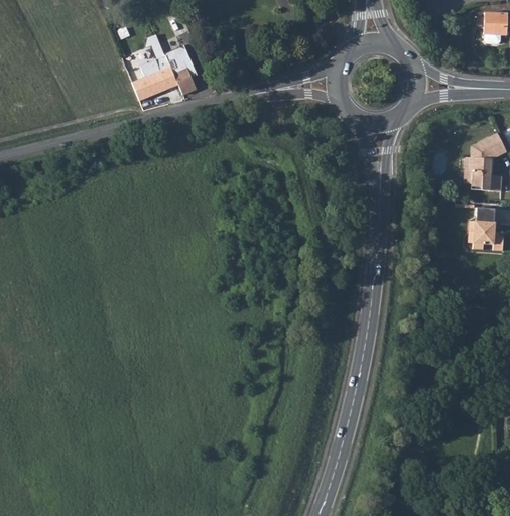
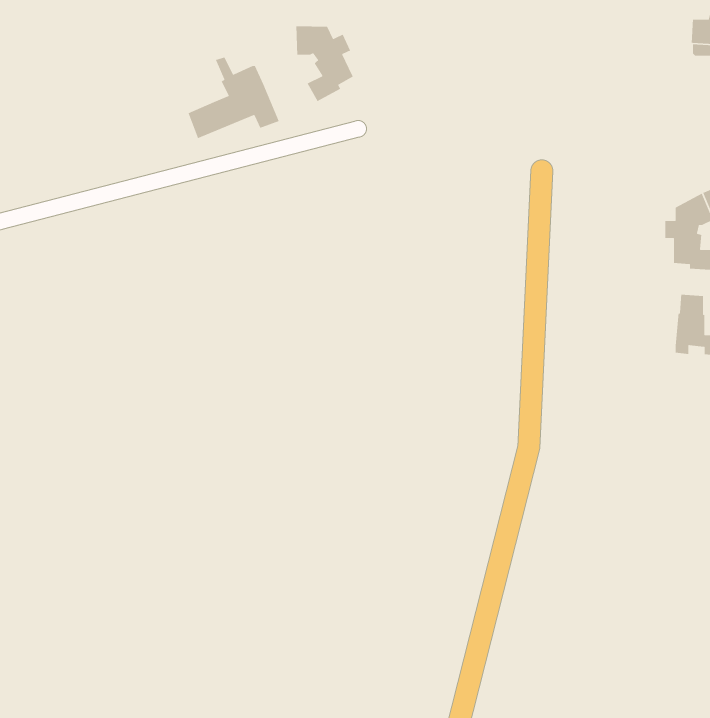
building: none -> [296,25,354,102]

